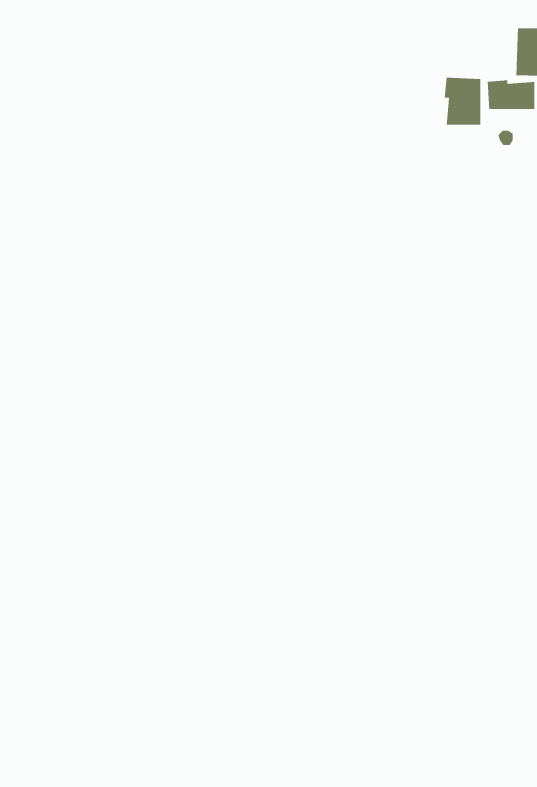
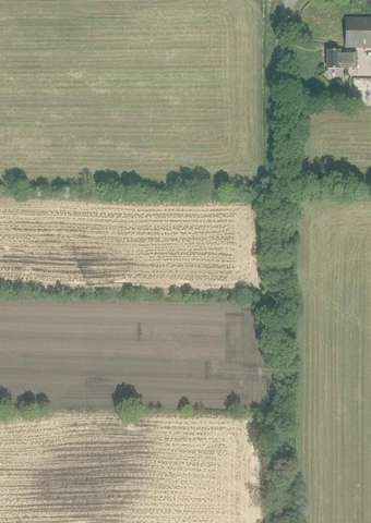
building: [444,77,481,125] -> none

